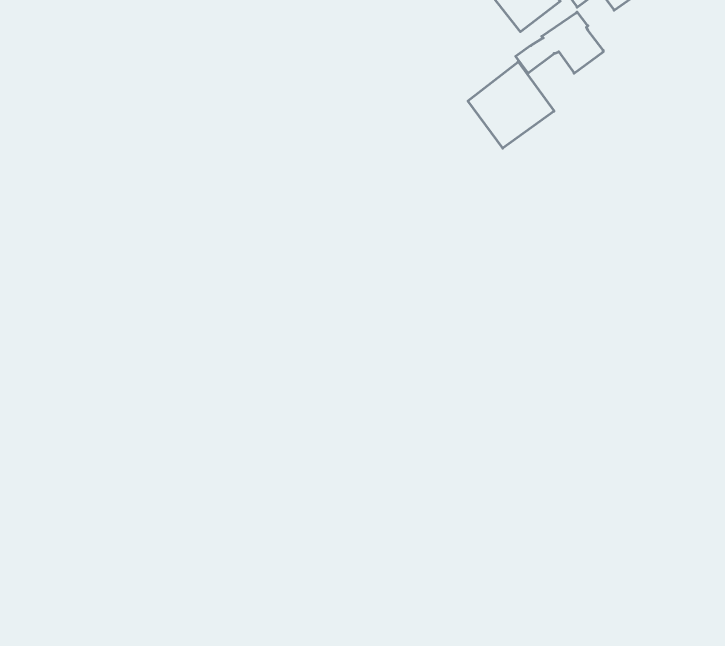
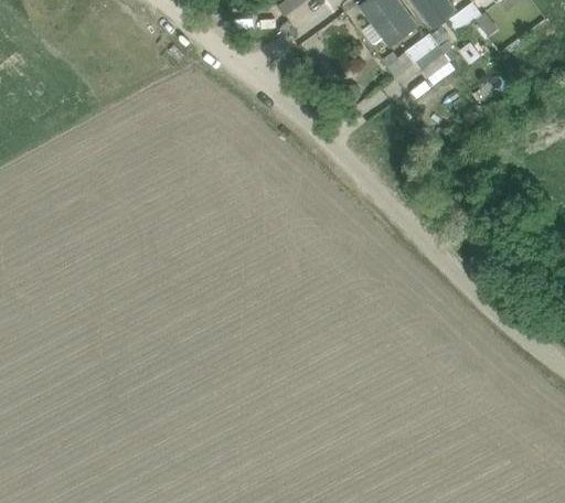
building: [468,62,554,148] -> none

